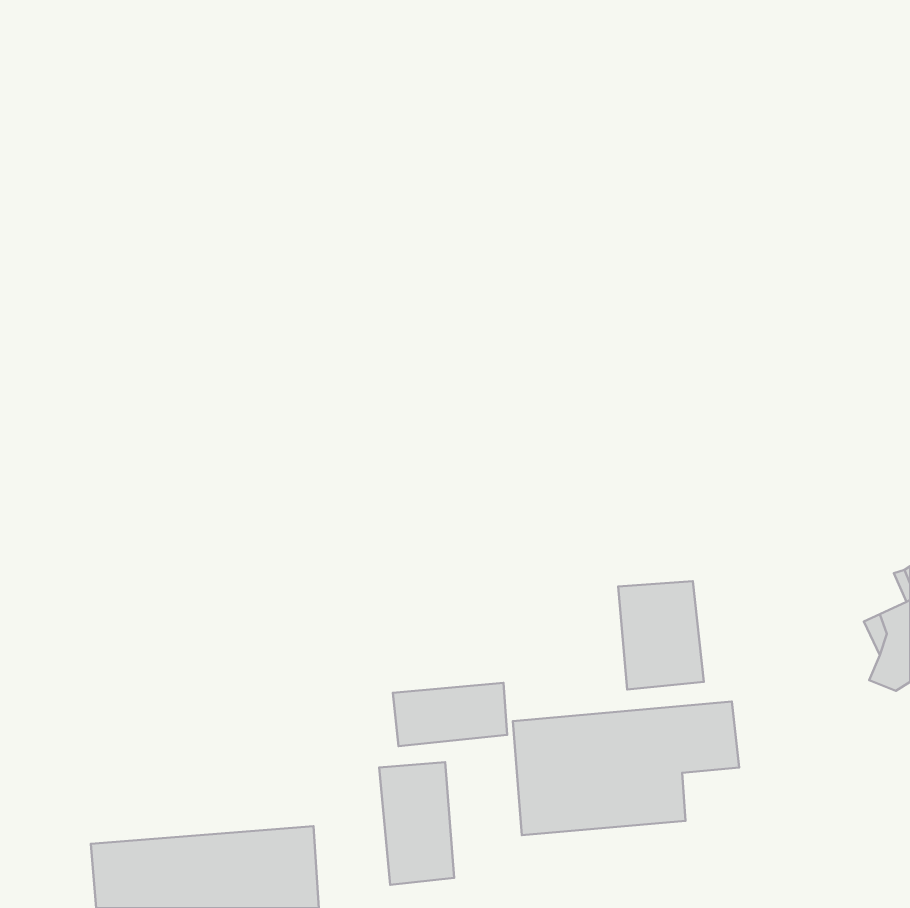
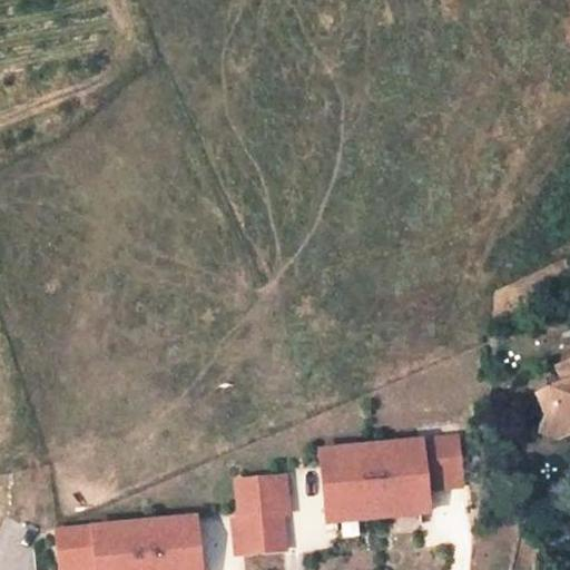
building: [618,581,704,689] -> none
building: [393,683,507,746] -> none

